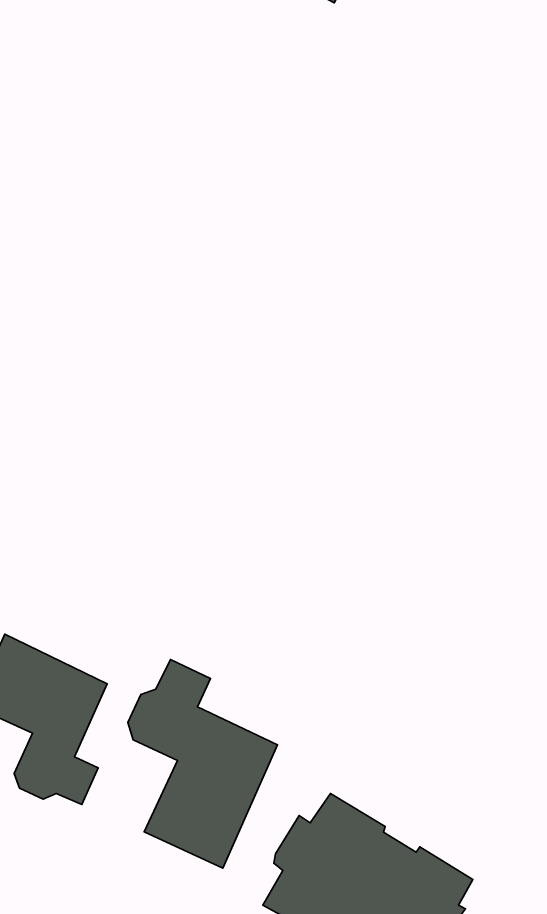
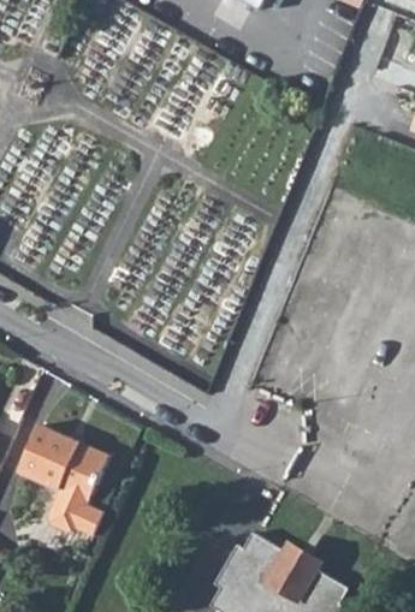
building: [128,659,278,868] -> none

